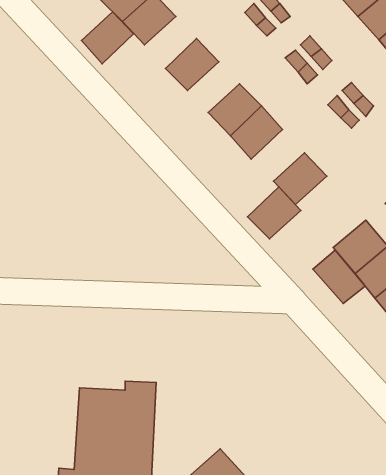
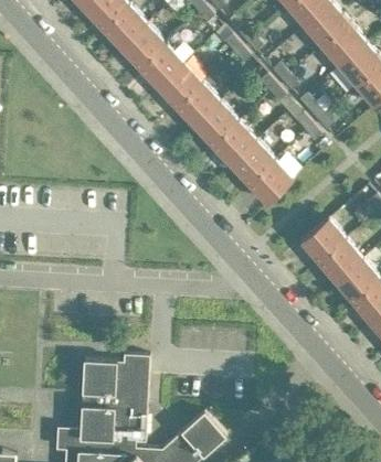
building: [81,12,133,64] -> [139,45,183,89]
building: none -> [176,84,220,127]
building: [248,187,301,239] -> [230,141,275,185]
building: [313,250,365,304] -> none

